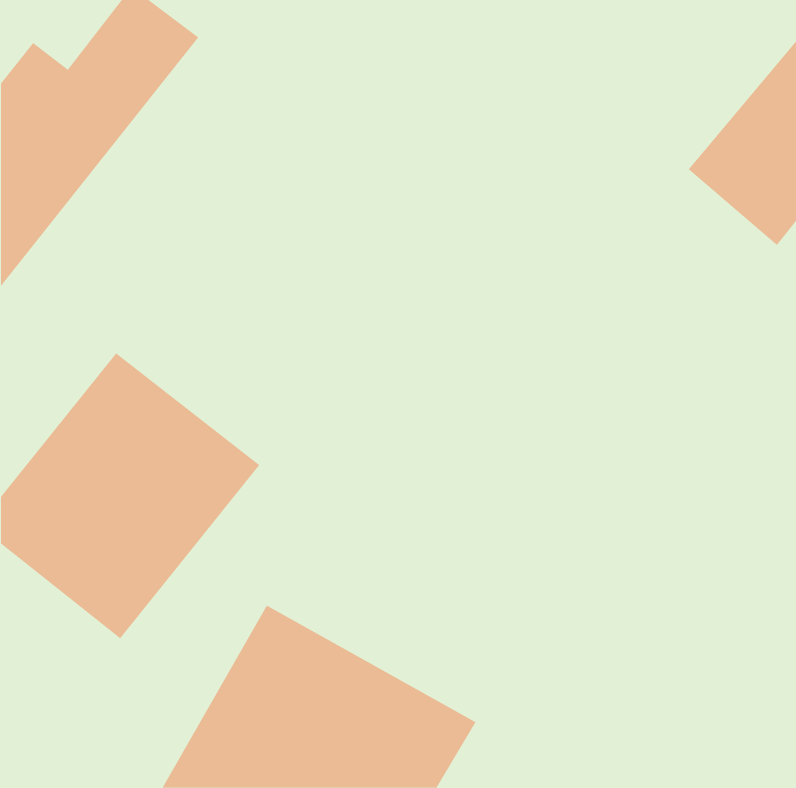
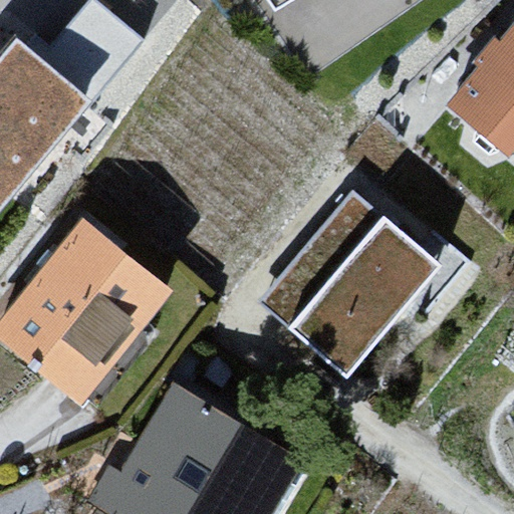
building: none -> [260,194,441,374]

